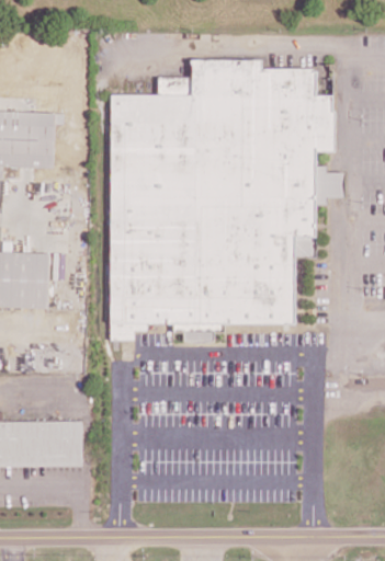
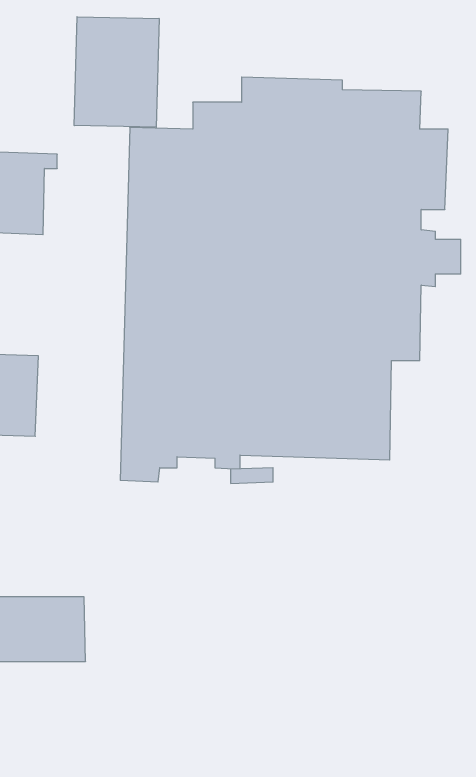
building: none -> [74,17,159,127]

